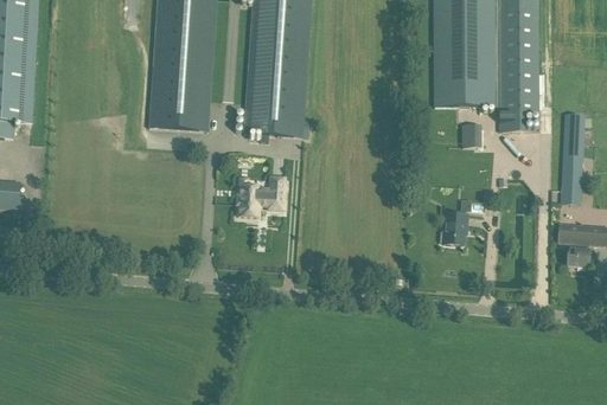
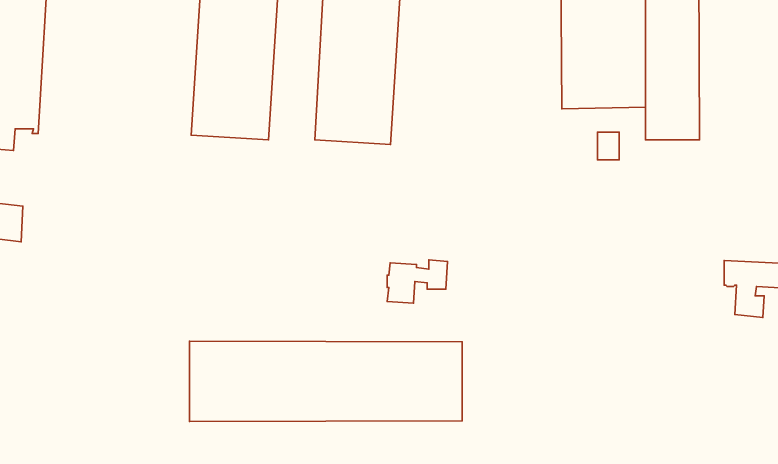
building: [560,112,583,206] -> none
building: [237,180,283,213] -> [387,260,447,303]
building: [441,198,471,244] -> none
building: none -> [189,341,462,422]

